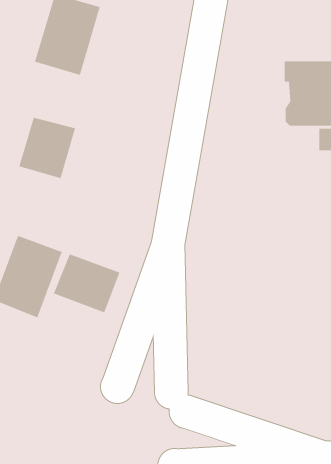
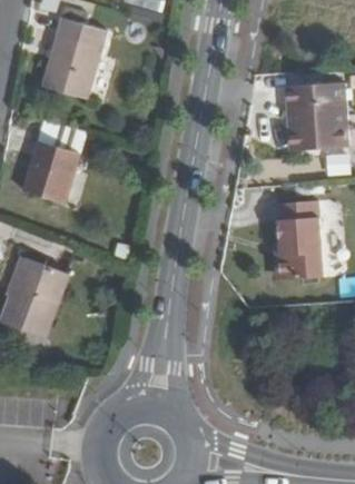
building: none -> [272,199,327,280]
building: [53,253,120,313] -> none

